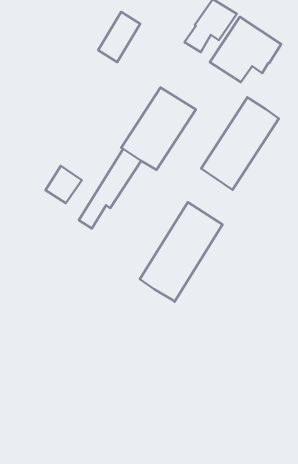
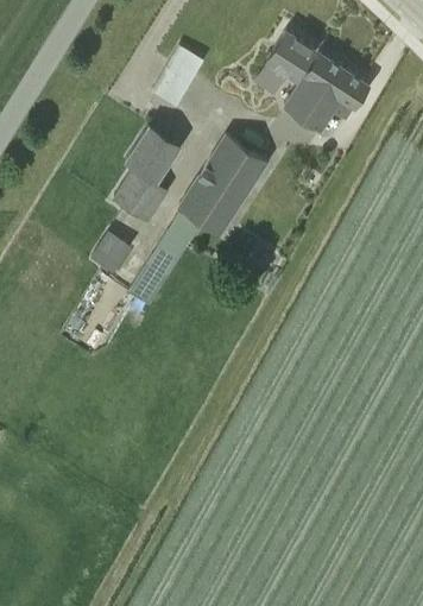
building: none -> [113,126,175,220]
building: [201,97,279,190] -> none
building: [140,202,222,302] -> none

